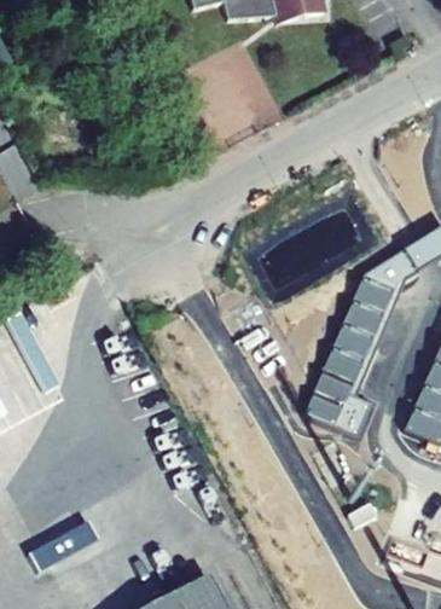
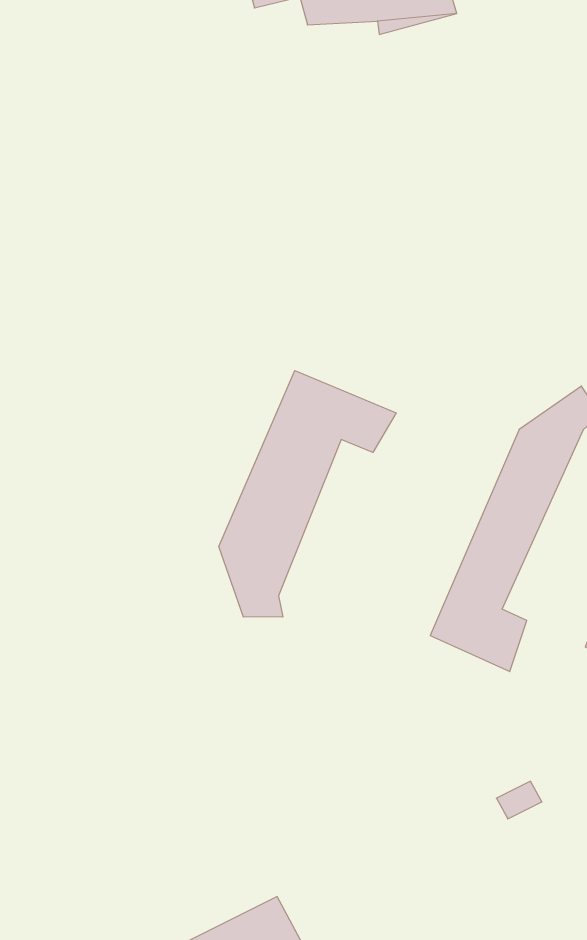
building: none -> [219,371,396,617]

